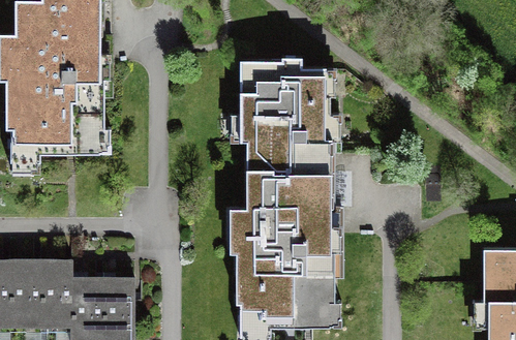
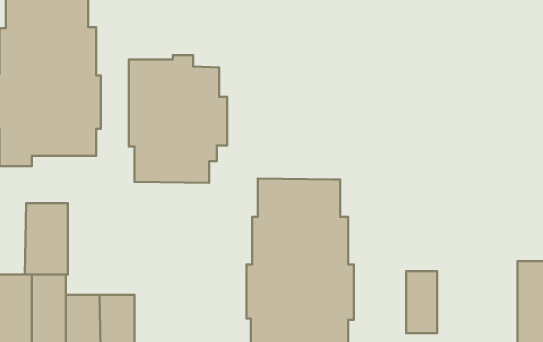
building: [242,59,332,176] -> [129,55,227,183]
building: none -> [25,203,68,275]
building: none -> [406,271,437,333]

